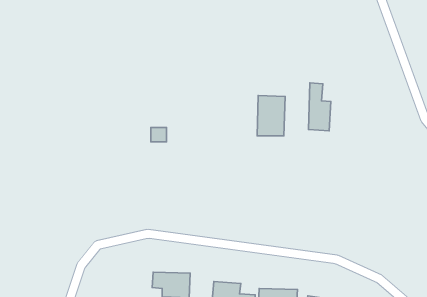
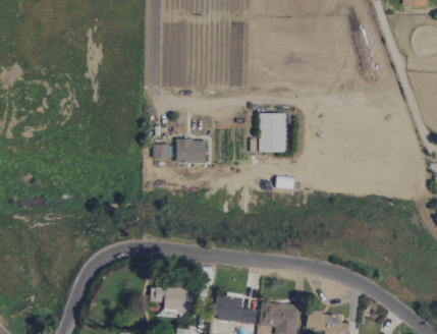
building: [309,83,331,131] -> none
building: none -> [176,140,207,163]

